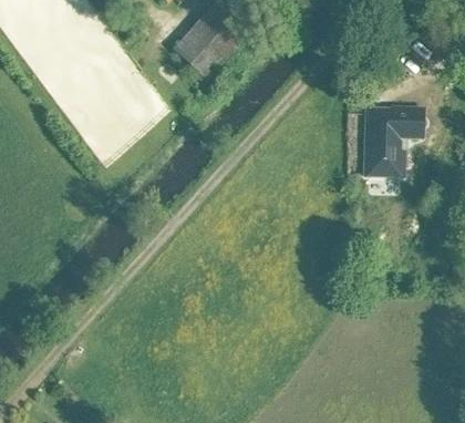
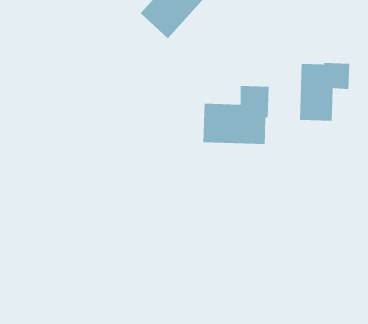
building: none -> [203,85,269,145]

